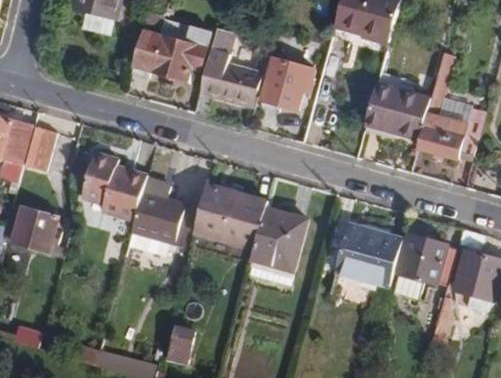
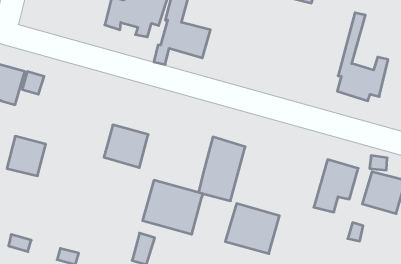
building: [257,56,314,110] -> none
building: [364,81,430,139] -> none
building: [80,153,144,223] -> none
building: [193,183,268,250] -> [143,180,203,234]
building: [334,224,401,286] -> [225,204,279,254]

